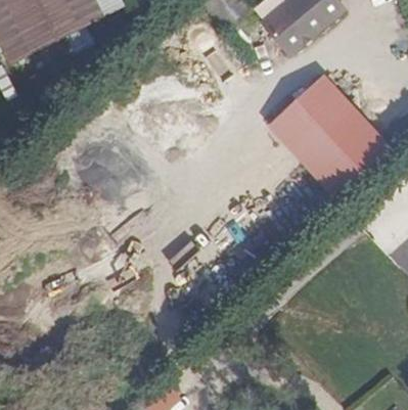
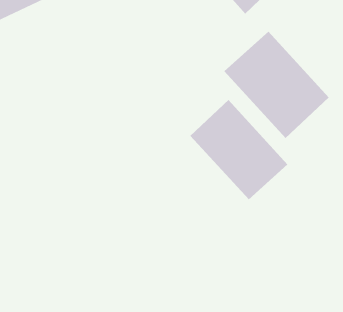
building: none -> [190,99,288,200]

